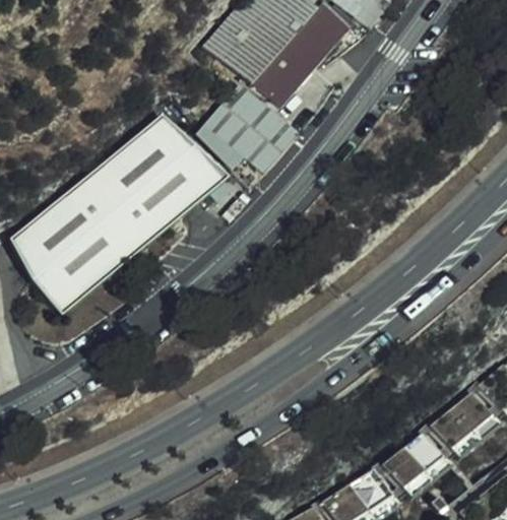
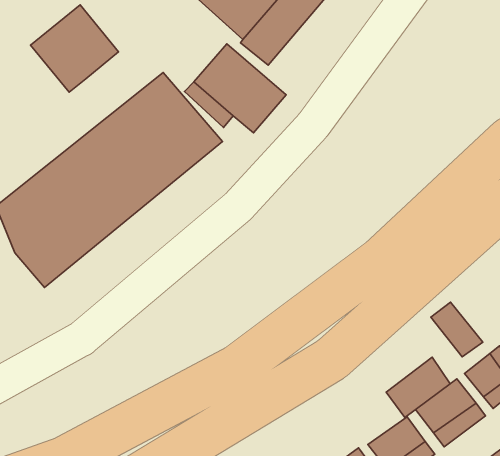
building: none -> [30,5,119,92]
building: none -> [431,302,483,357]
building: none -> [386,357,450,418]

